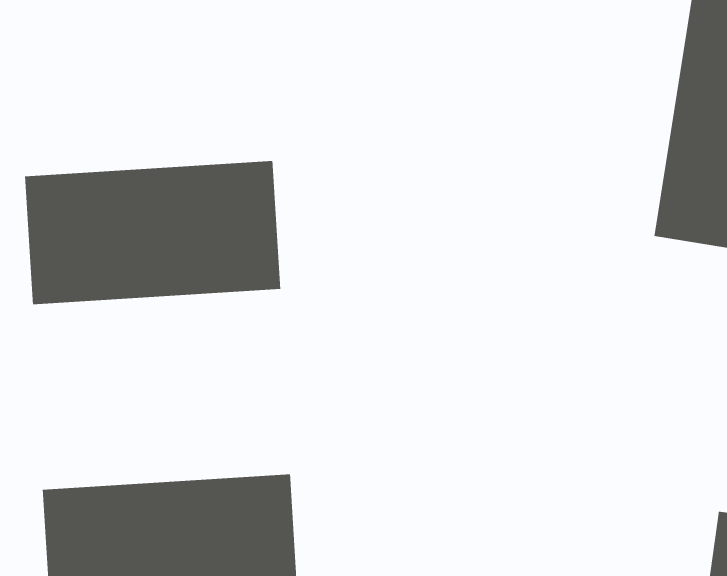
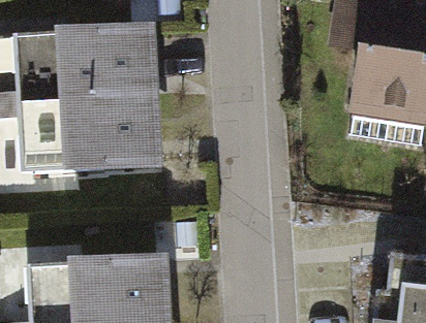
building: none -> [17,24,152,98]

